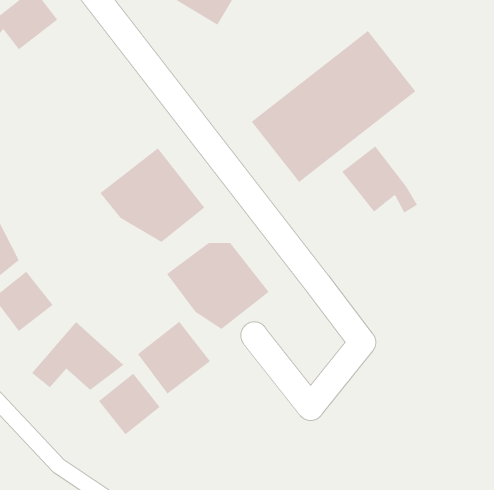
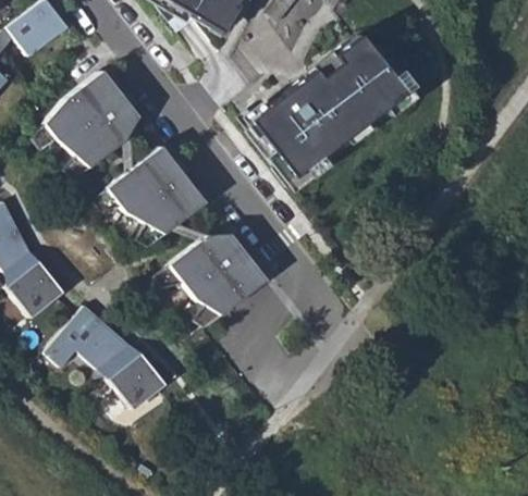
building: none -> [47,71,139,168]
building: [342,145,418,213] -> none
building: [137,321,211,394] -> none

